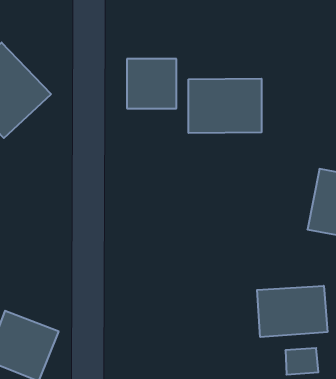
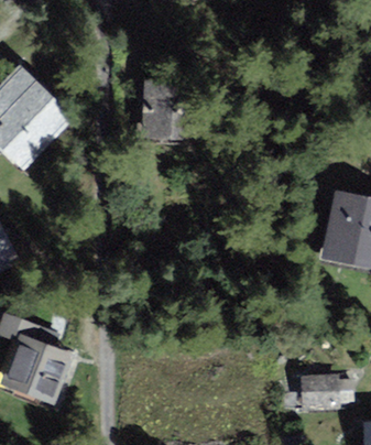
building: [189,79,261,133] -> none
building: [257,286,327,337] -> none

